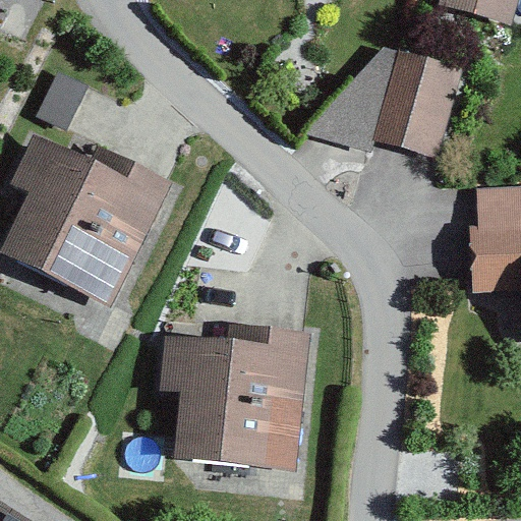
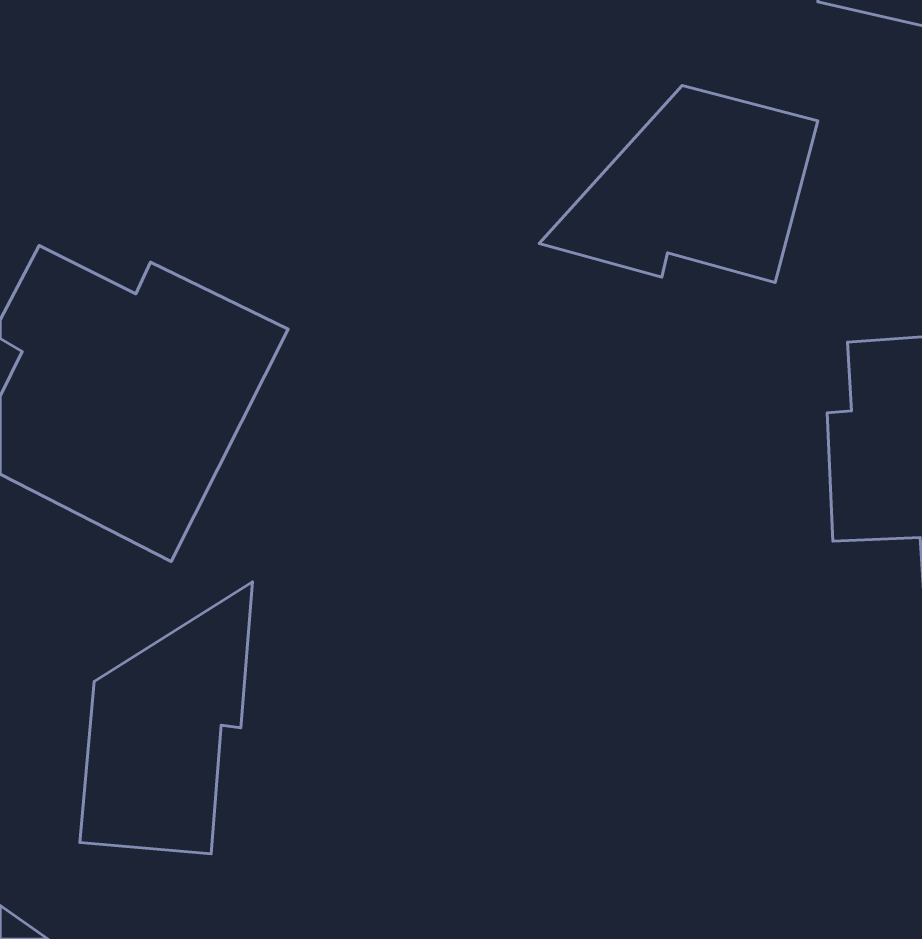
building: none -> [80,582,253,854]
building: [158,322,306,470] -> none

